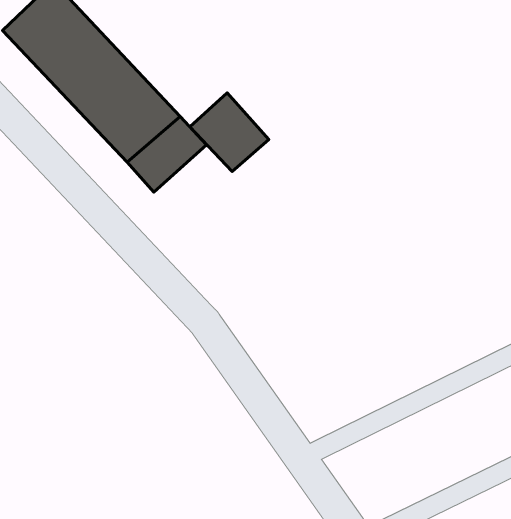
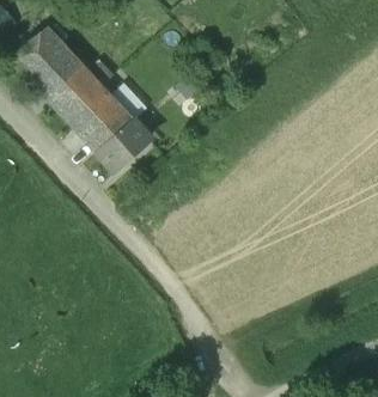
building: [190,93,269,172] -> none

